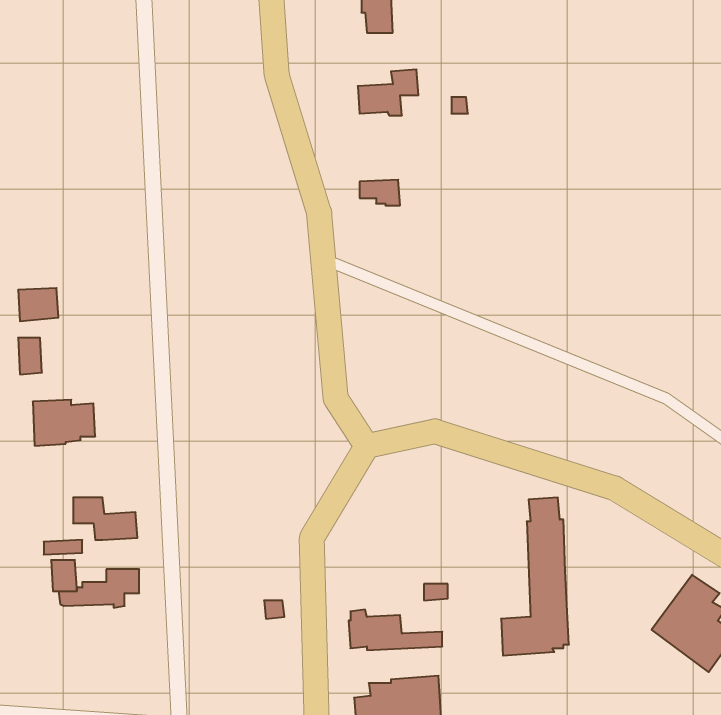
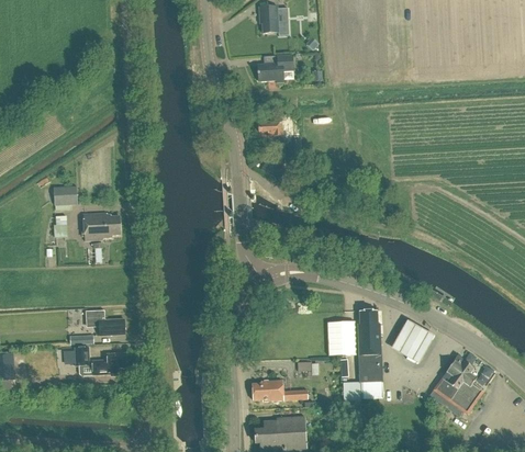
building: [33,400,95,446] -> [83,212,121,239]
building: none -> [390,315,434,359]
building: none -> [327,319,356,353]

